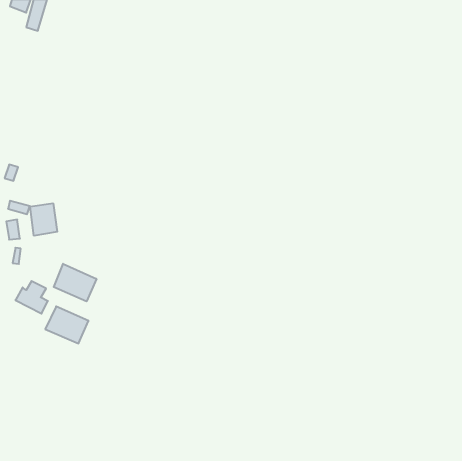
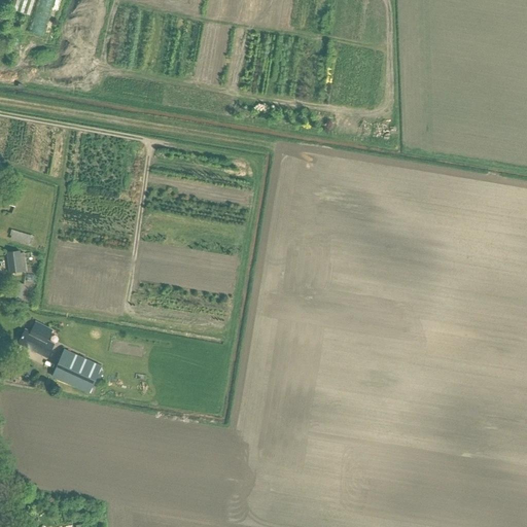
building: [30,203,57,236] -> none
building: [54,264,96,301] -> none

